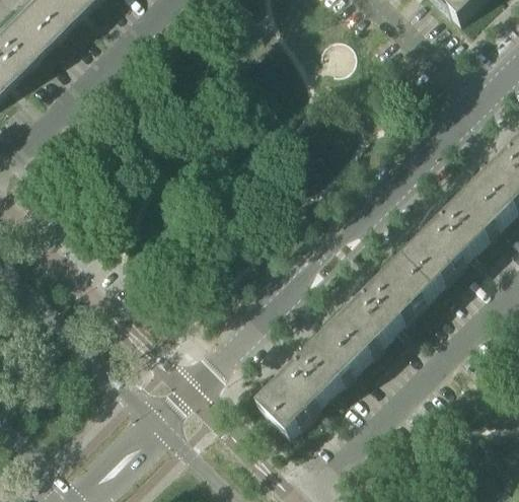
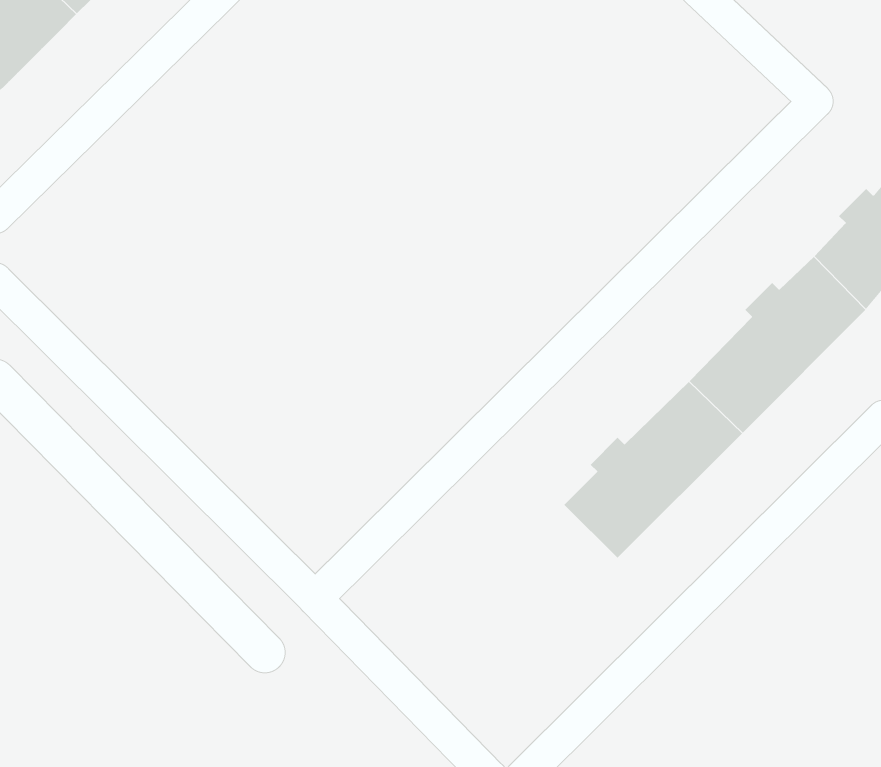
building: [260,328,363,431] -> none

